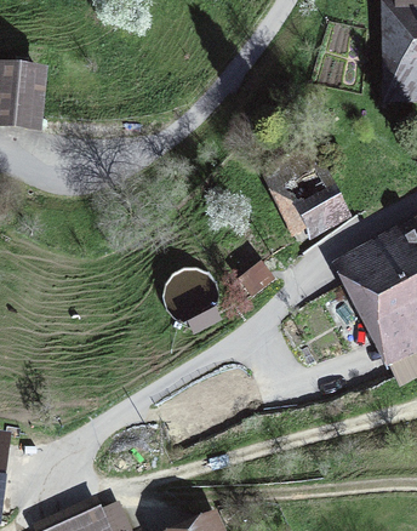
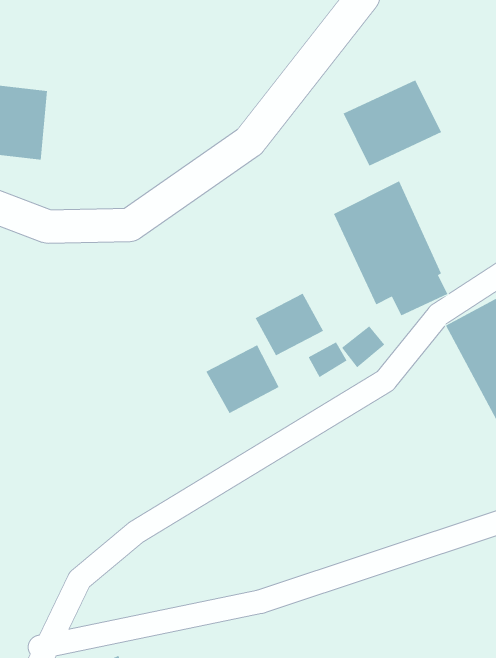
building: none -> [343,79,442,166]
building: none -> [255,293,324,356]

